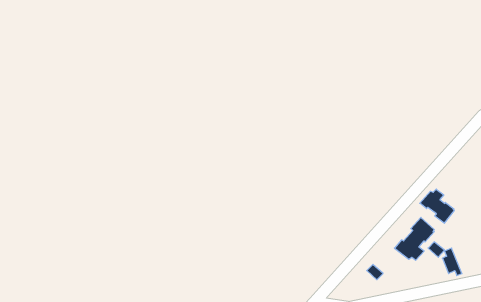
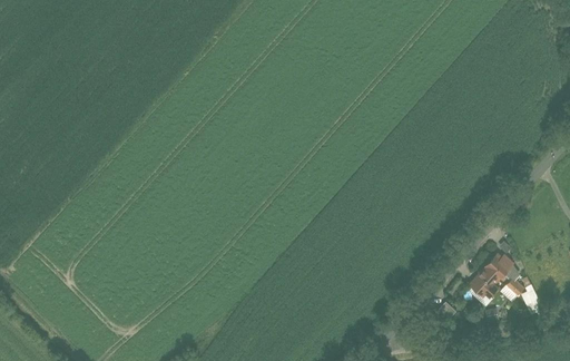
building: [420,189,454,223] -> none

